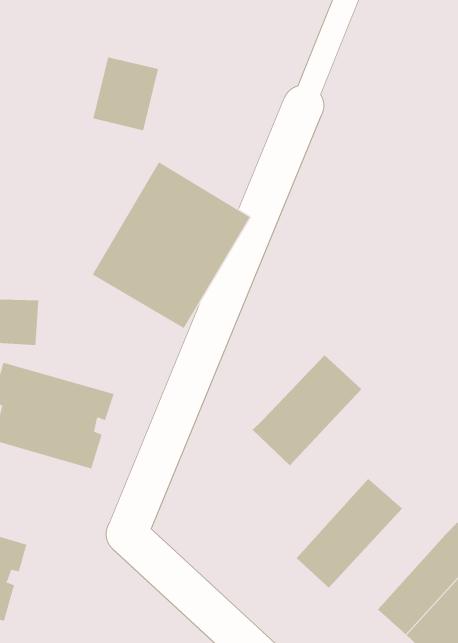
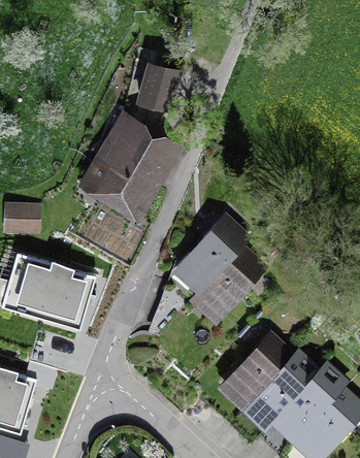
building: [93,57,159,131] -> [137,61,183,111]
building: none -> [170,220,241,292]
building: none -> [239,348,319,430]

